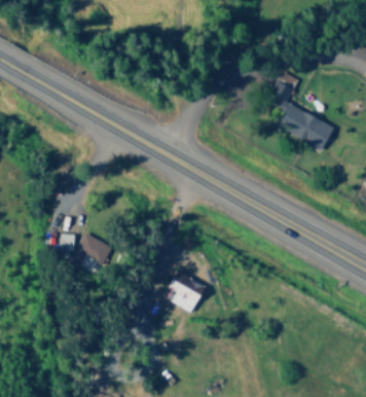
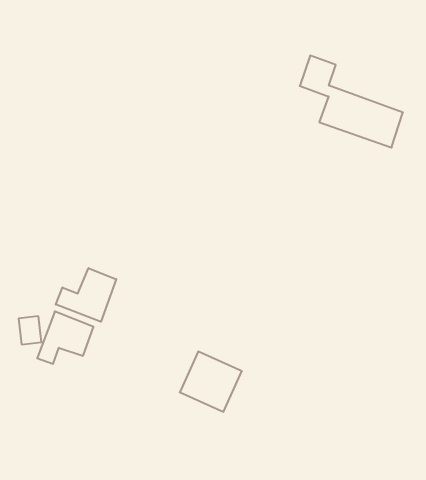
building: none -> [56,268,116,322]

